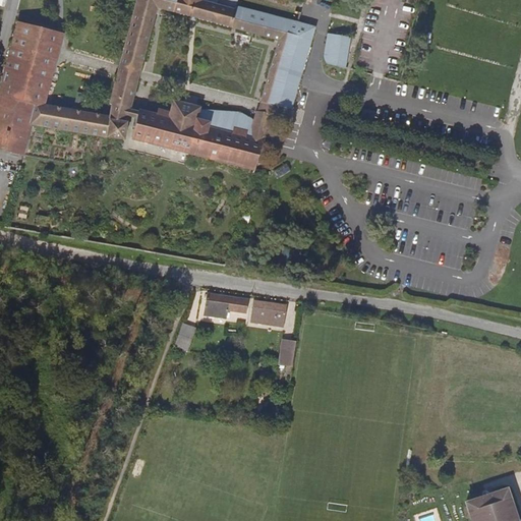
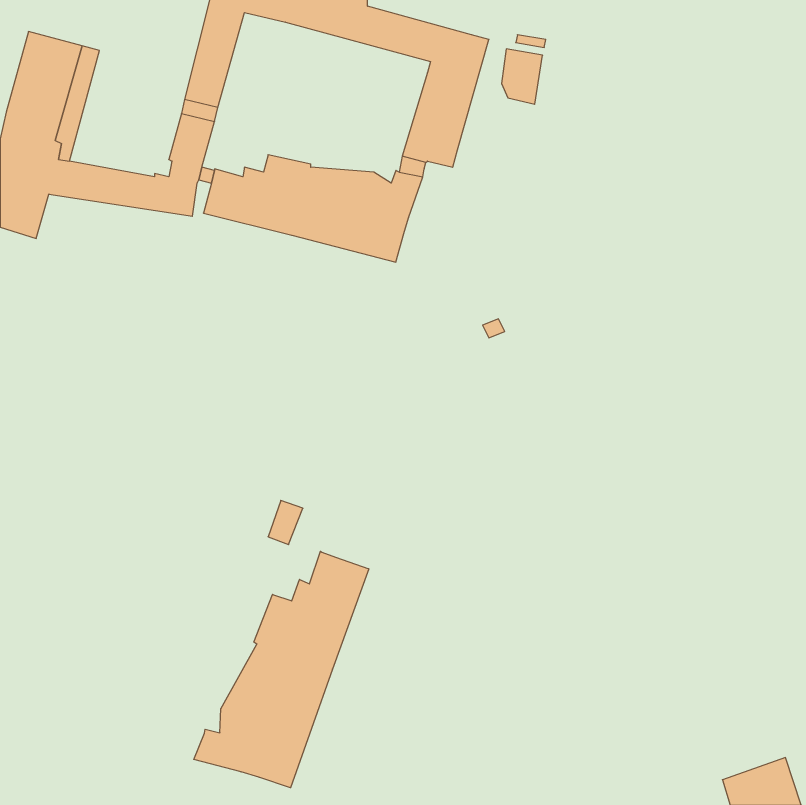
building: [202,292,247,319] -> none
building: [249,300,286,327] -> none
building: [277,339,295,366] -> none
building: none -> [194,551,369,788]

